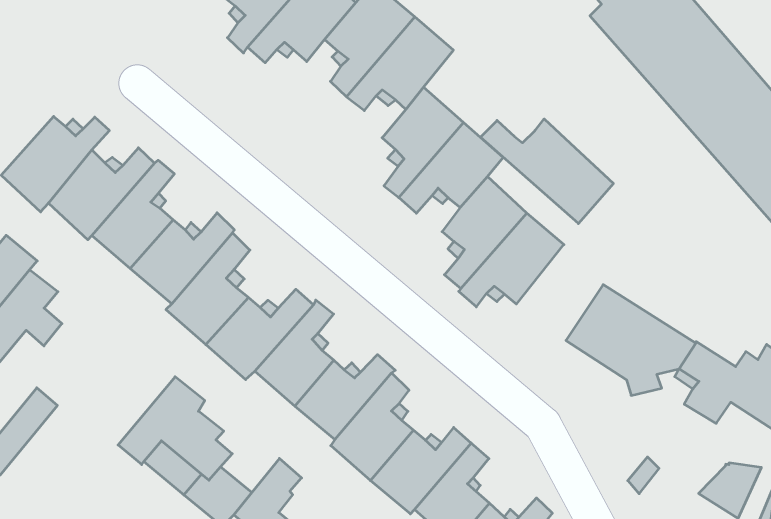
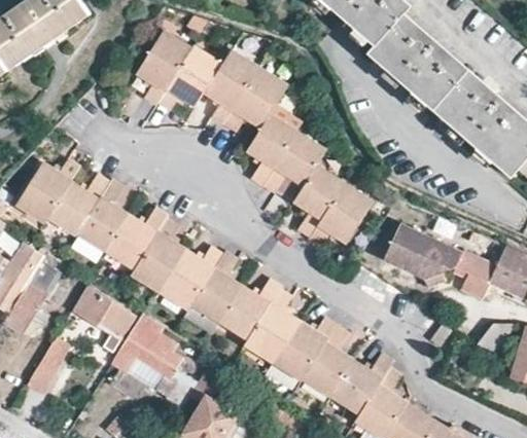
building: [480,119,613,224] -> none
building: none -> [76,287,134,352]

